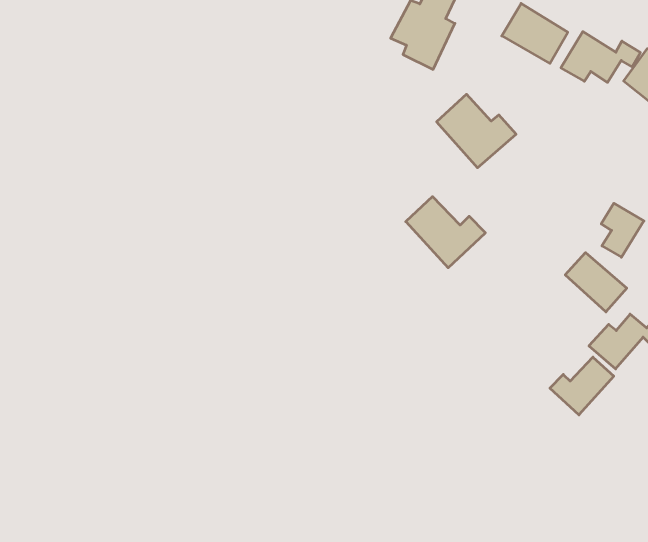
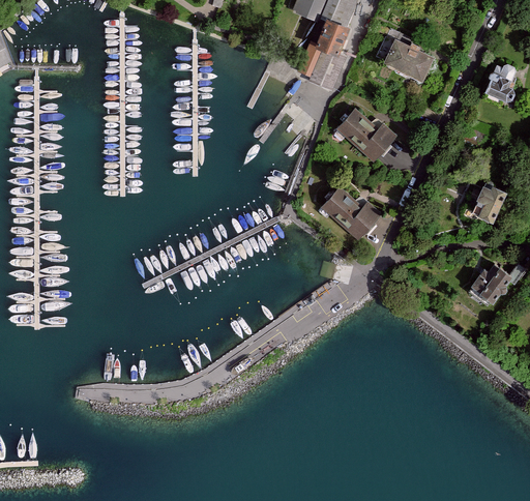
building: [561,32,640,82] -> none
building: [565,253,627,312] -> none
building: [550,357,614,415] -> none

